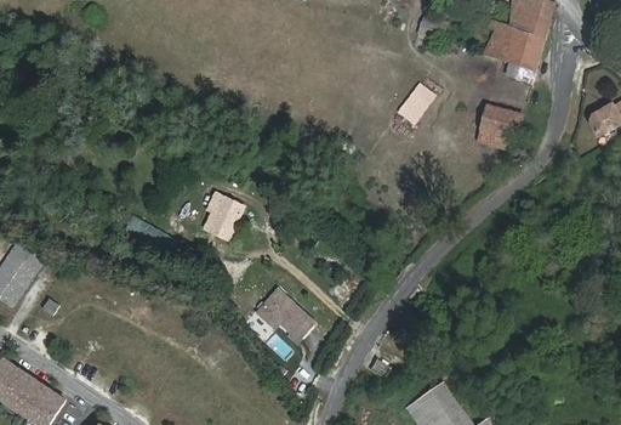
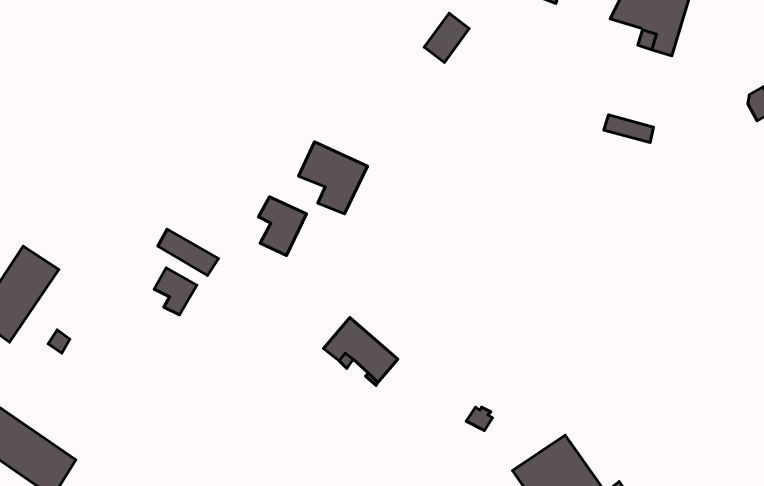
building: [399,84,434,123] -> [424,13,469,63]
building: [480,104,523,138] -> none
building: none -> [299,142,368,214]
building: none -> [154,268,197,315]

